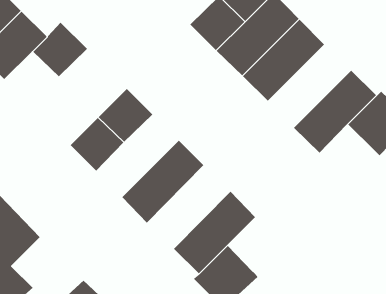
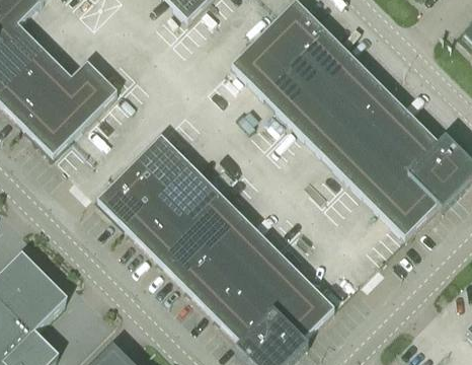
building: none -> [318,85,411,178]
building: none -> [24,93,85,154]
building: none -> [127,163,219,255]
building: none -> [376,174,437,236]
building: none -> [183,220,277,313]
building: none -> [273,278,334,339]

